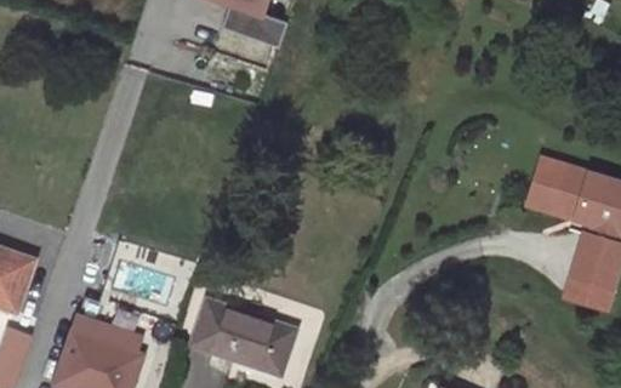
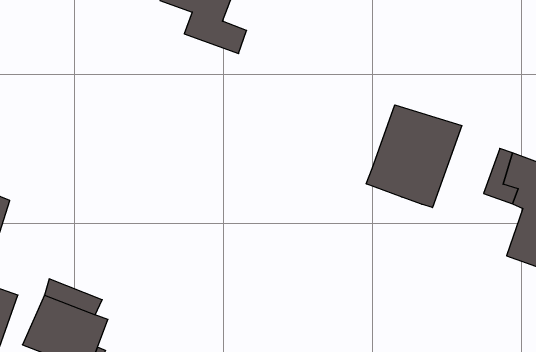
building: none -> [366,105,462,208]
building: [184,286,296,372] -> none

